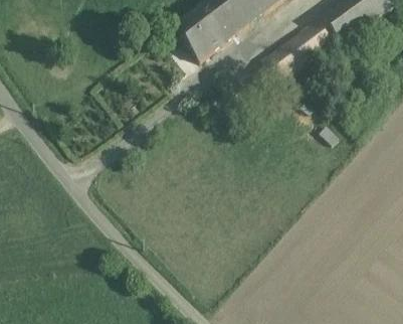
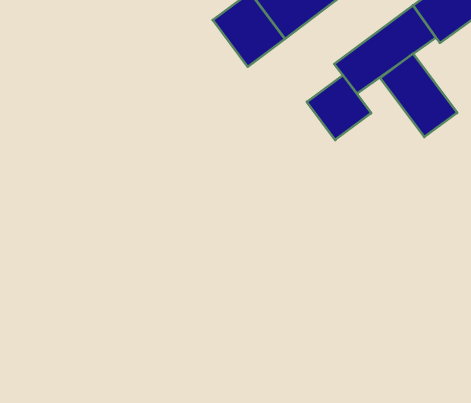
building: none -> [380,54,457,137]
building: none -> [307,75,371,140]

